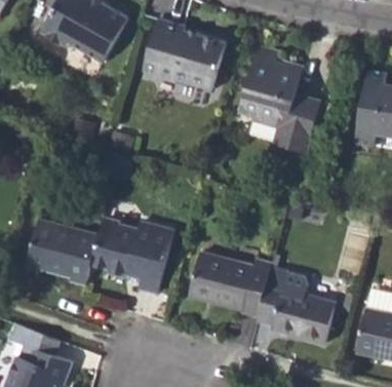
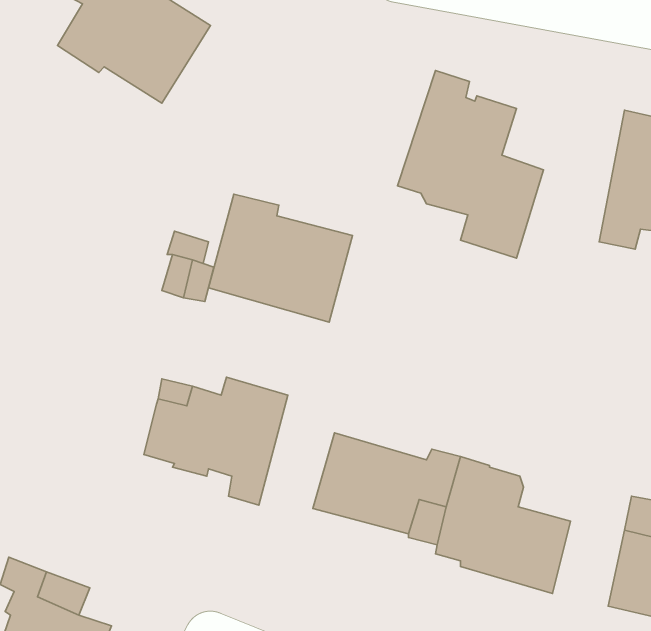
building: [144,18,226,91] -> [209,194,353,322]
building: [27,219,99,284] -> none

